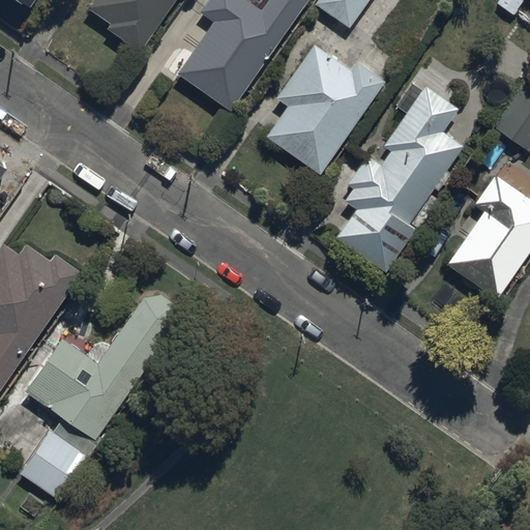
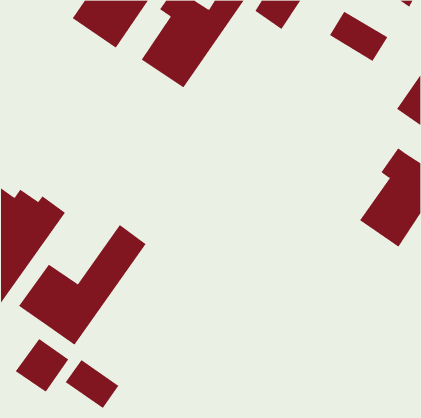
building: none -> [329,11,388,62]
building: [267,39,387,170] -> none
building: [337,78,465,265] -> none
building: none -> [65,359,119,409]

